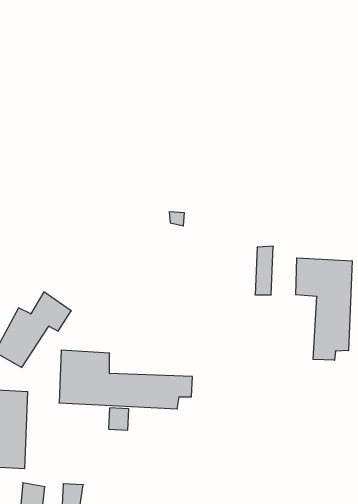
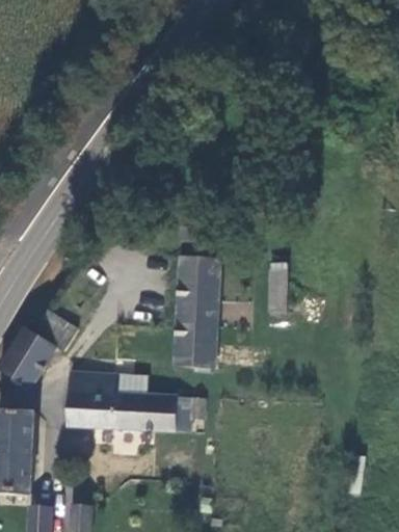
building: none -> [176,256,219,366]
building: [296,258,352,360] -> none

